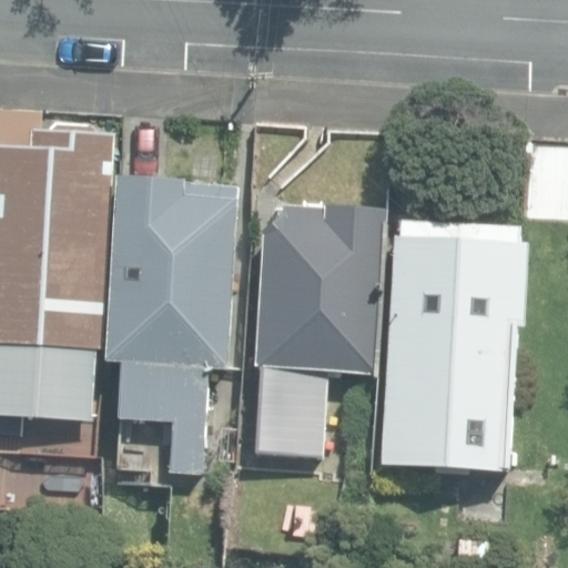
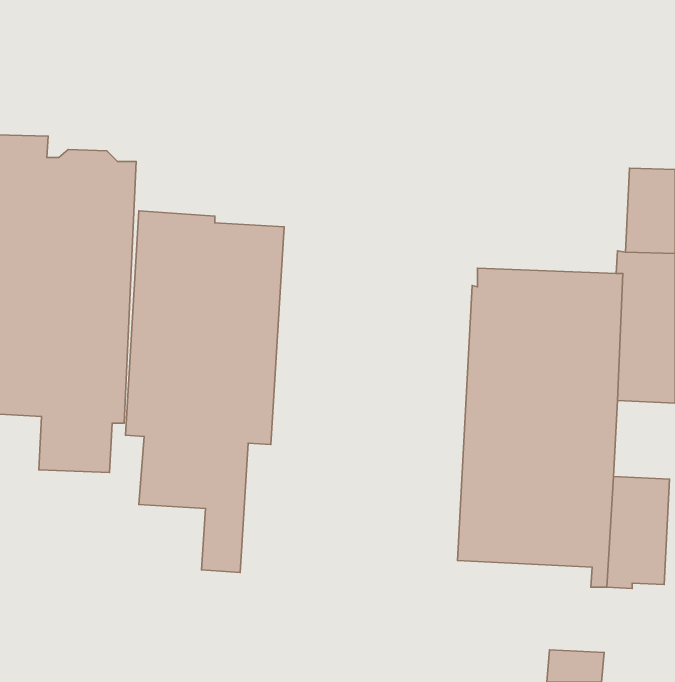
building: [253,205,386,458] -> none

